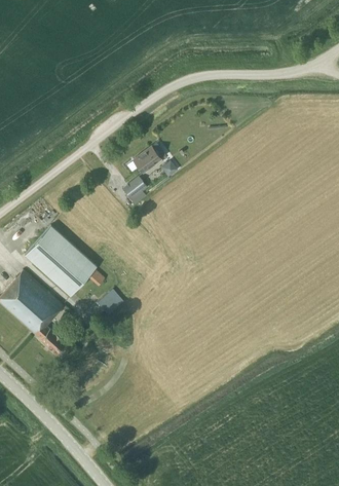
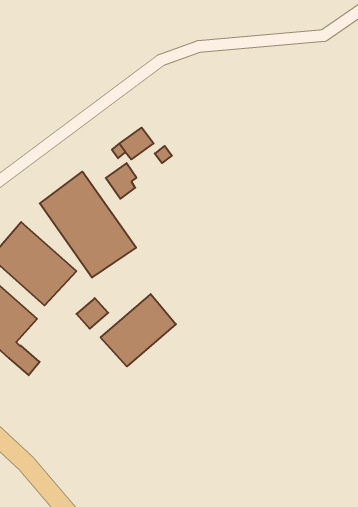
building: none -> [40,172,136,278]
building: none -> [101,294,176,366]

